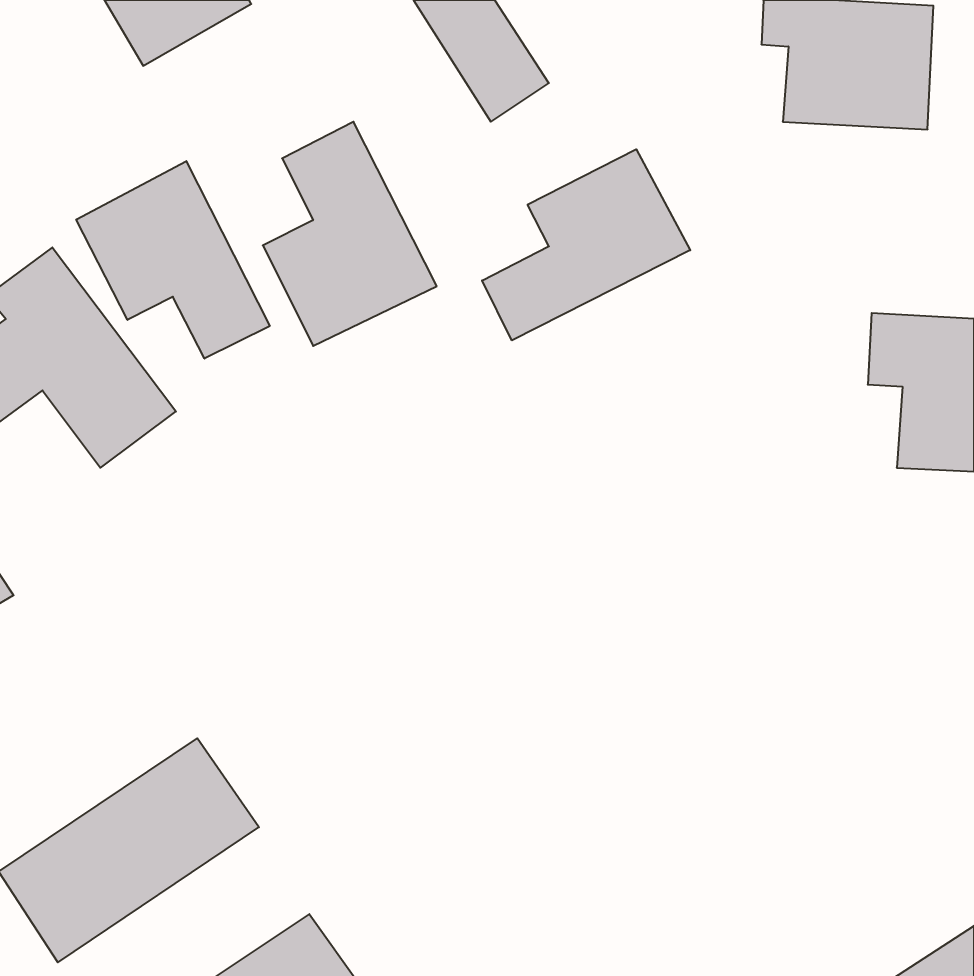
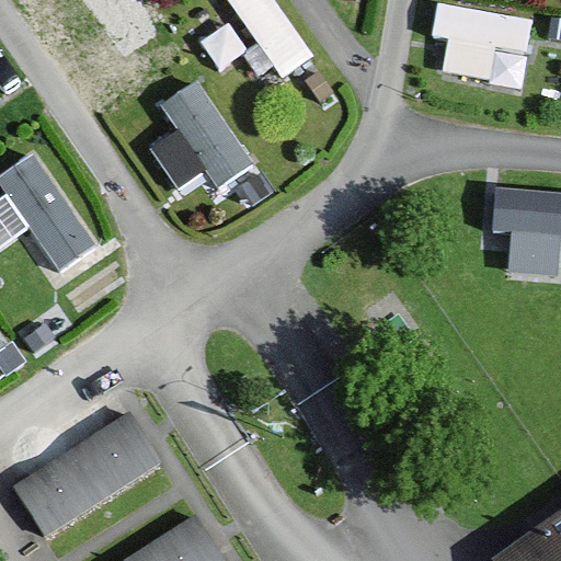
building: [482,149,690,340] -> none
building: [76,161,270,359] -> none

